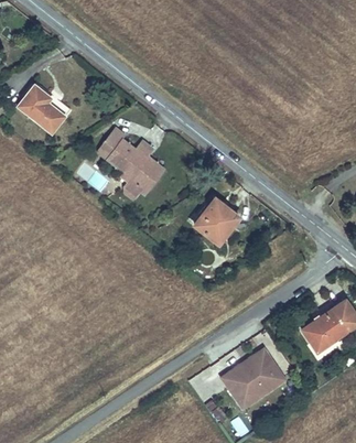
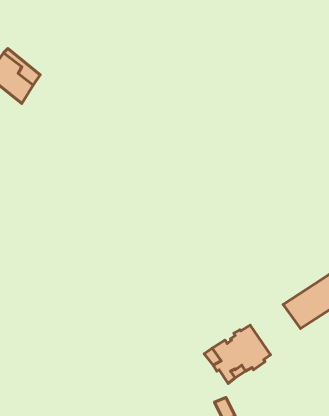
building: [93,130,152,190] -> none
building: [194,199,238,244] -> none

